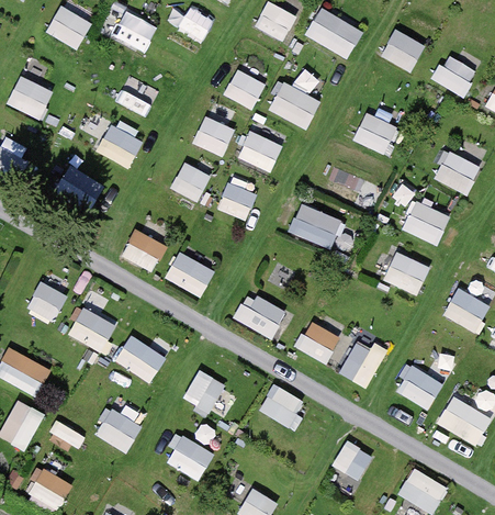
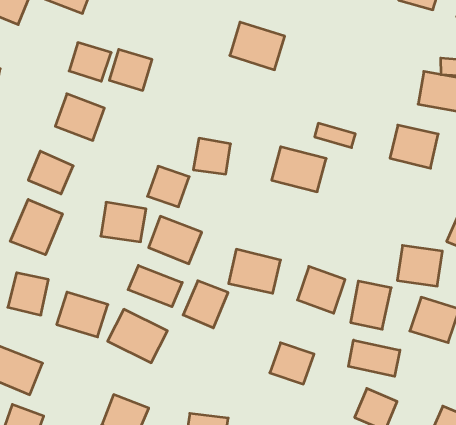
building: [224,69,266,109] -> none
building: [192,114,235,156] -> [109,49,152,90]
building: [352,114,398,156] -> none
building: [237,131,282,172] -> none
building: [170,160,212,201] -> [147,166,189,207]
building: none -> [10,199,62,255]
building: [384,251,430,294] -> [397,245,442,286]
building: none -> [128,265,182,307]
building: [182,368,227,414] -> [183,281,228,328]
building: none -> [348,340,400,376]

